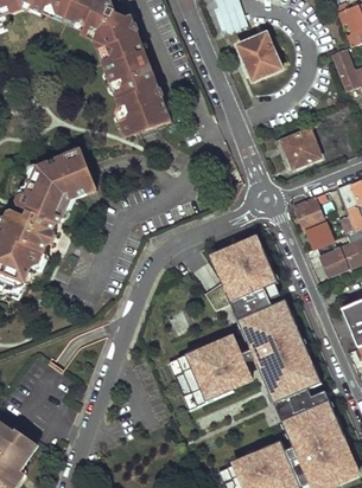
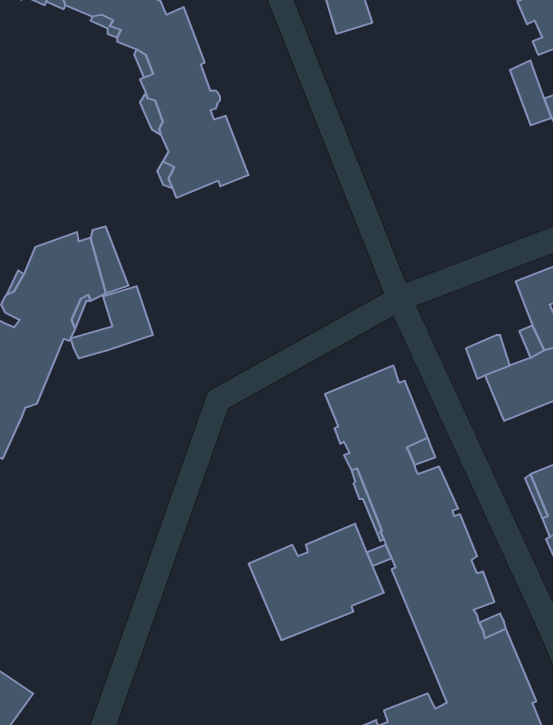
building: [240,34,282,81] -> none
building: [284,128,323,167] -> none
building: [293,191,330,231] -> none
building: none -> [71,286,153,359]

